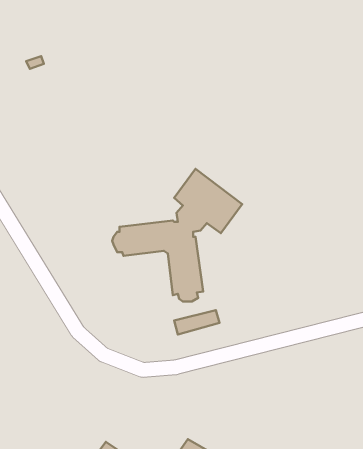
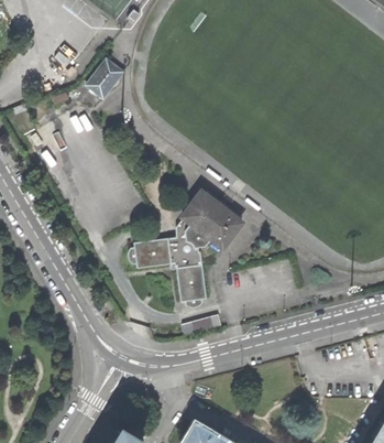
building: none -> [88,57,125,97]

